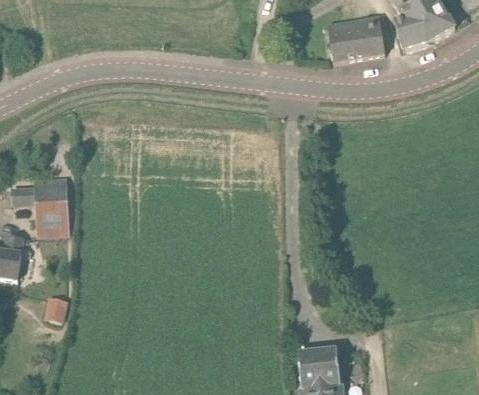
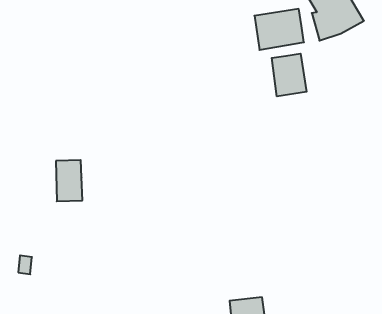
building: none -> [272,54,307,96]
building: [36,185,67,233] -> [56,160,82,201]

